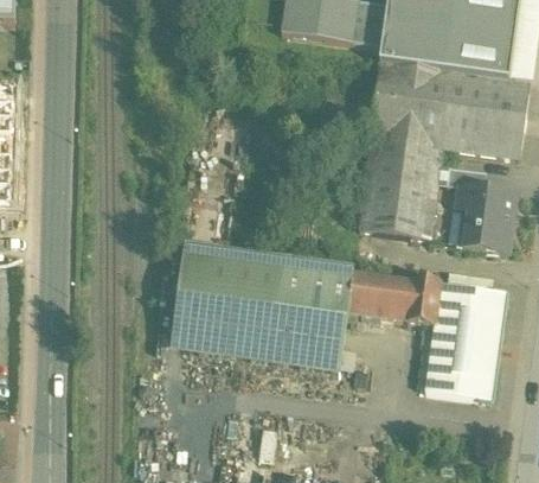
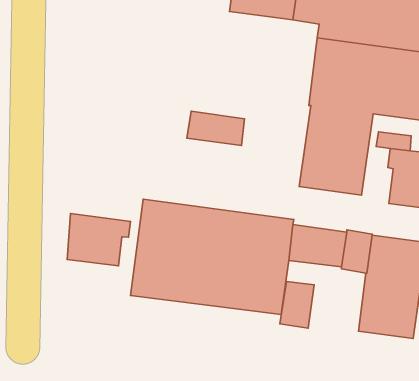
building: none -> [187,111,244,145]
building: none -> [67,214,131,266]
building: none -> [280,281,314,328]

